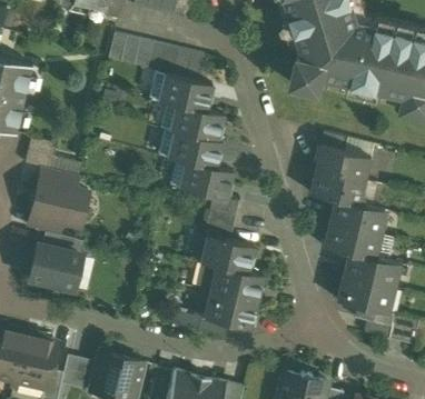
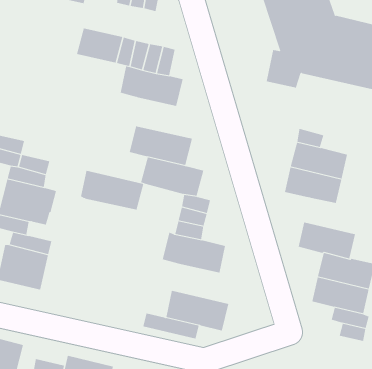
building: [161,101,224,140] -> [80,170,144,210]
building: [329,199,386,235] -> none
building: [200,263,263,302] -> none

